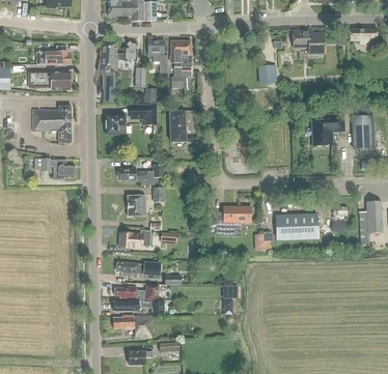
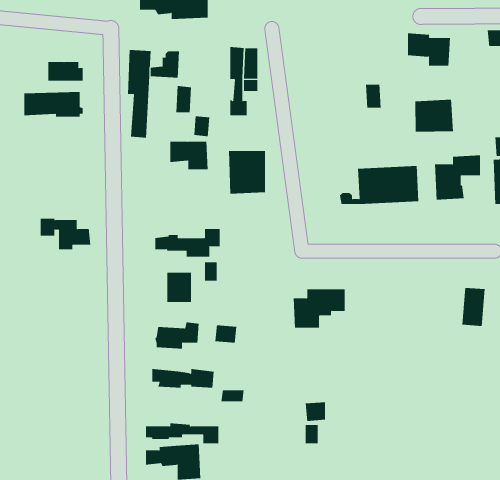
building: [148,39,167,71] -> none
building: none -> [415,99,453,132]
building: [33,106,73,143] -> none
building: [106,114,126,135] -> none
building: [264,213,318,240] -> [339,165,419,205]
building: [114,284,158,298] -> none

